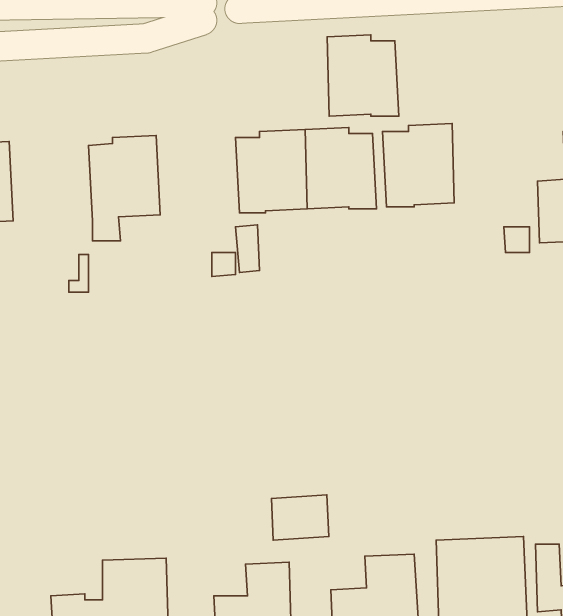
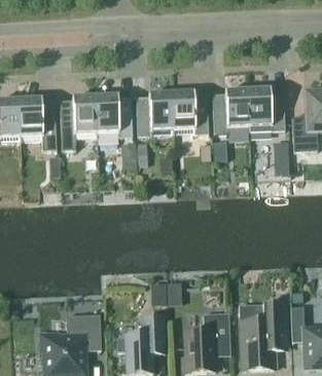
building: [327,35,399,116] -> [247,88,284,130]
building: none -> [94,95,132,137]
building: none -> [17,98,56,150]

